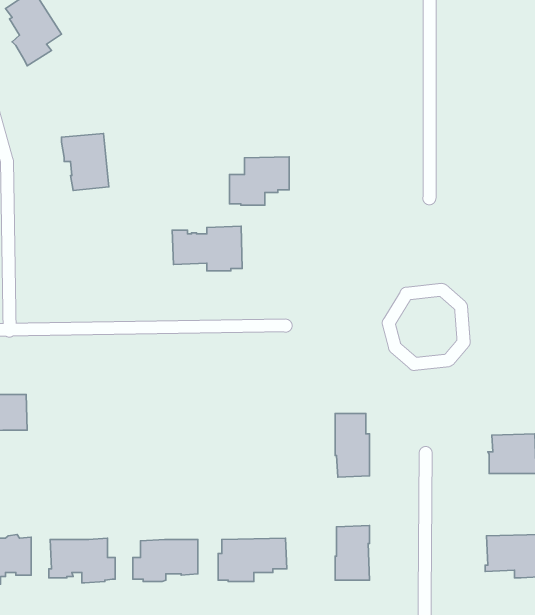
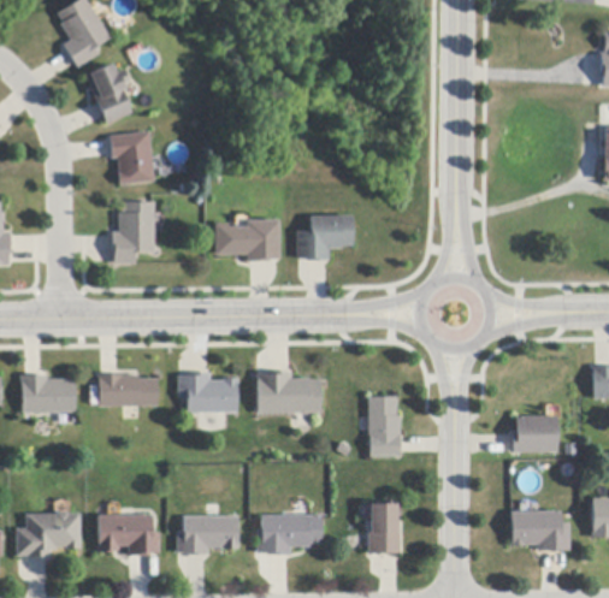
building: none -> [84,63,131,124]
building: [229,157,289,205] -> [296,214,353,260]
building: none -> [112,201,154,264]
building: none -> [258,372,321,414]
building: none -> [99,373,159,407]
building: none -> [179,373,240,413]

